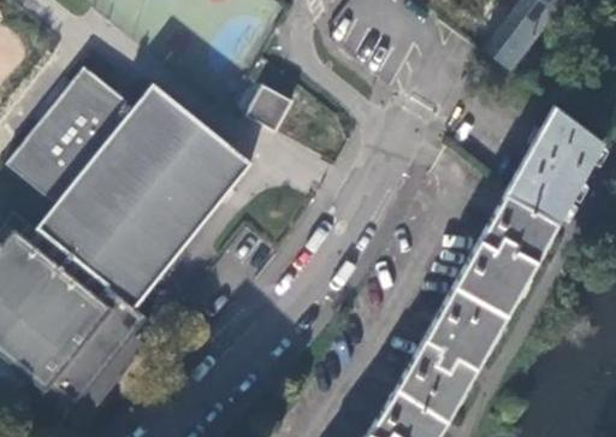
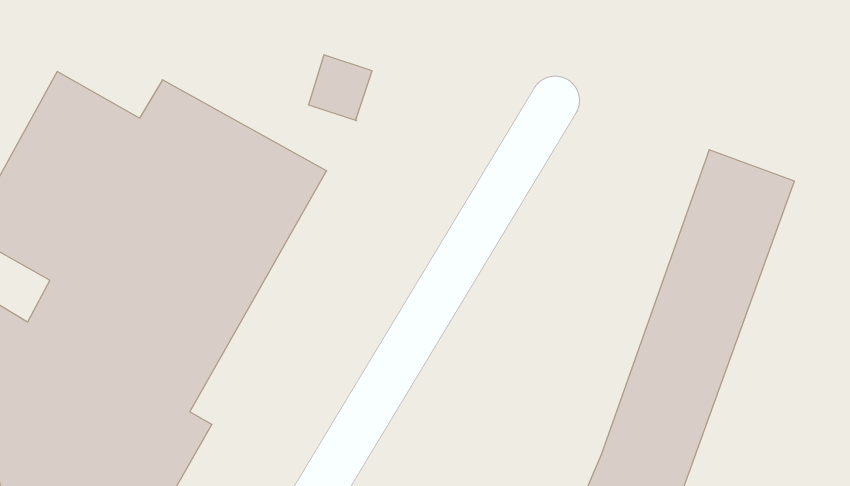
building: [505,107,603,220] -> none

